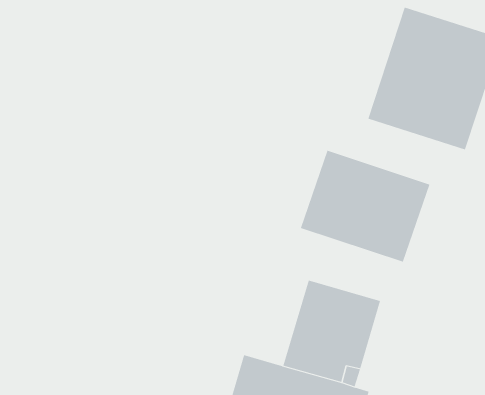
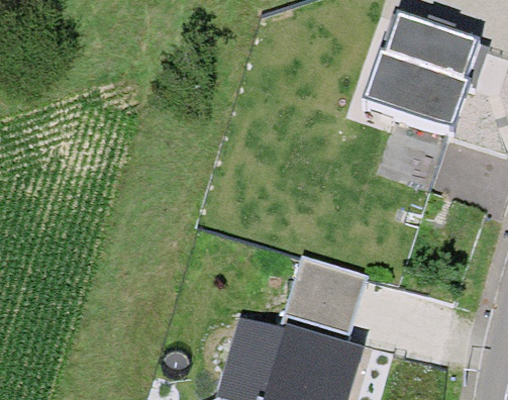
building: [300,150,430,263] -> none

